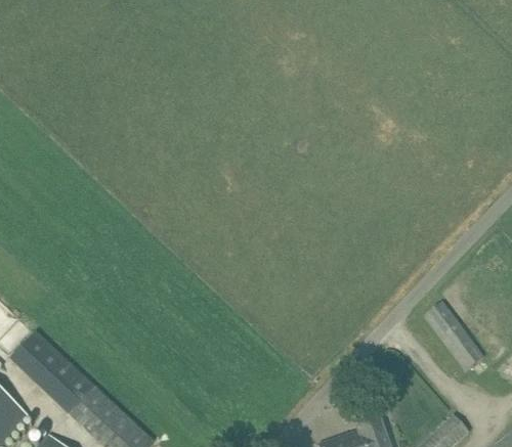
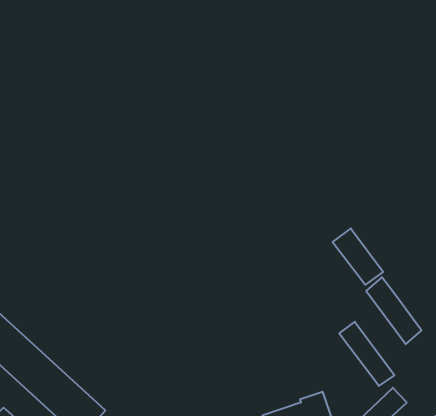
building: none -> [333,228,383,285]
building: none -> [339,322,394,386]

